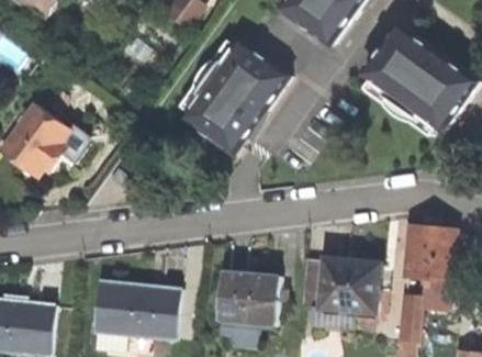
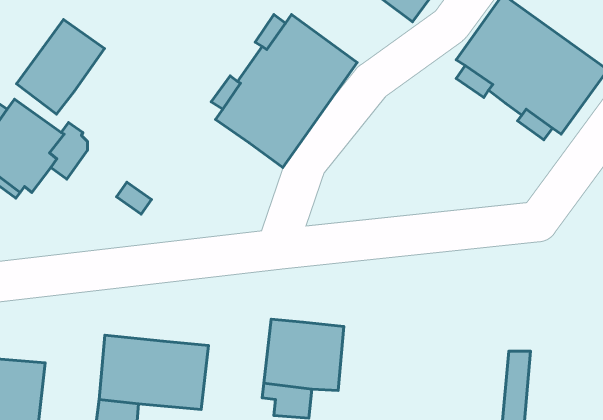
building: none -> [17,19,104,114]
building: [407,224,455,308] -> none
building: [300,255,382,321] -> none

